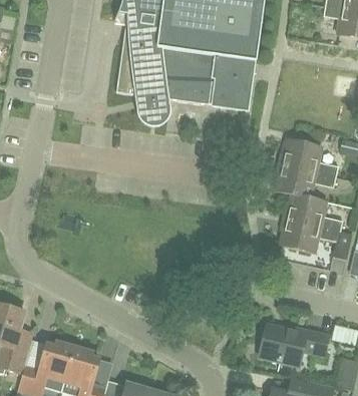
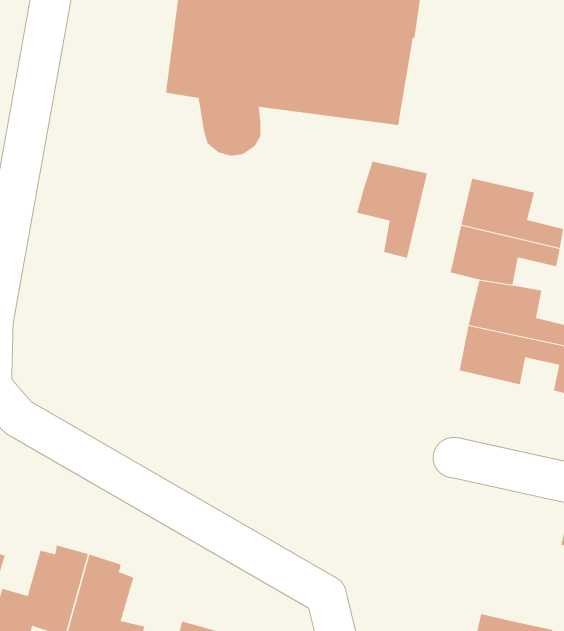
building: none -> [357,161,427,259]
building: [261,324,329,364] -> none

